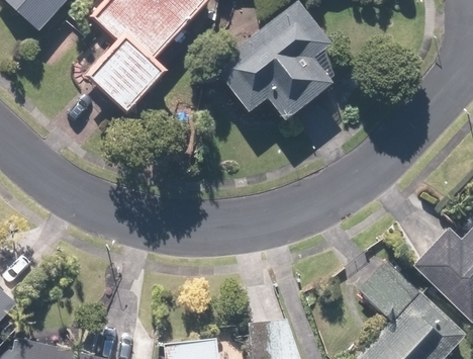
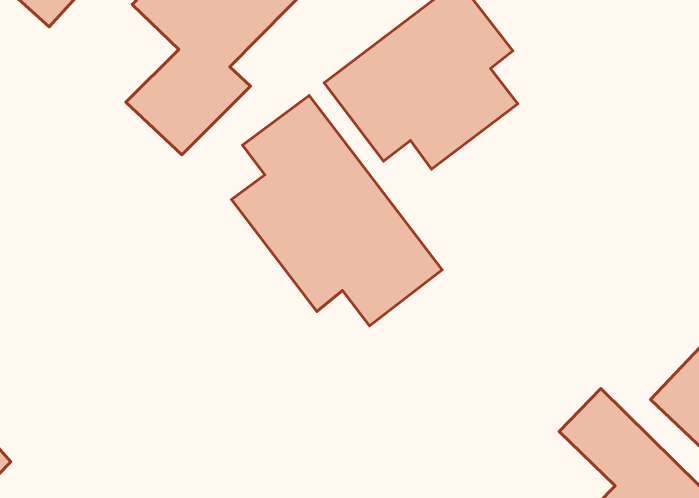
building: none -> [231,95,442,326]

